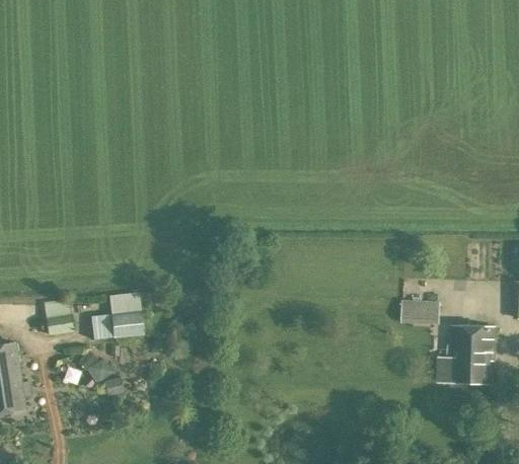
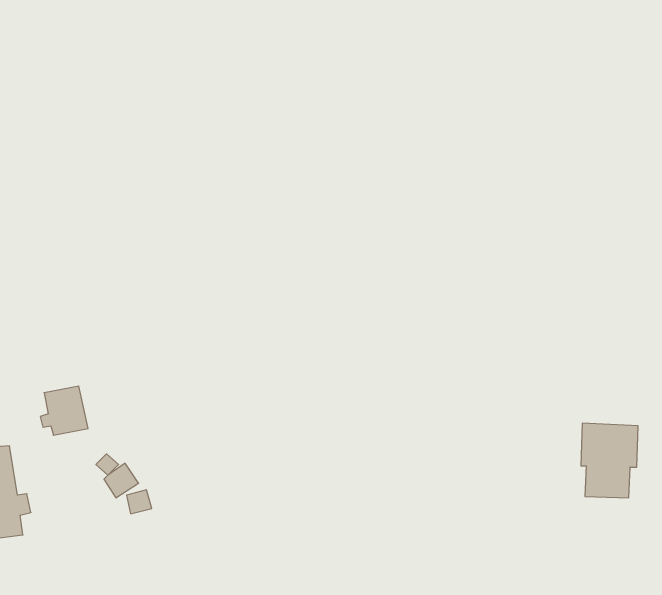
building: [90,291,143,338] -> none
building: [400,299,440,323] -> none

